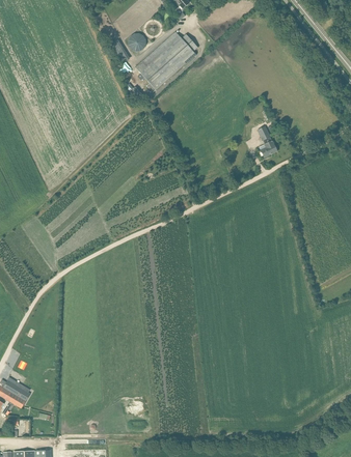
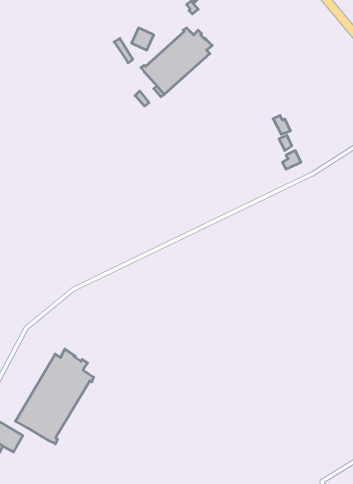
building: none -> [15,349,94,444]

